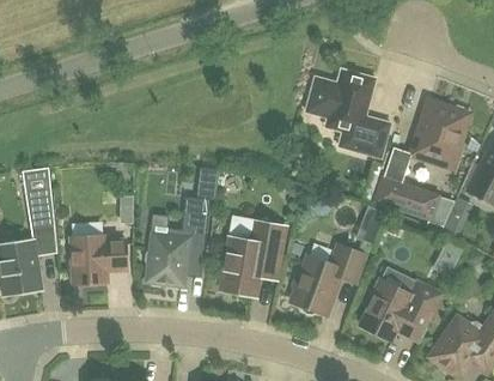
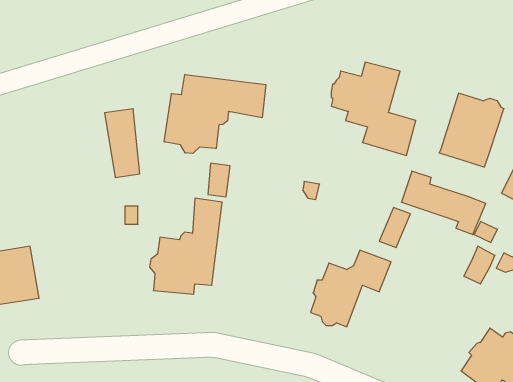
building: none -> [164,74,266,153]
building: [22,168,54,231] -> [105,109,140,178]
building: [220,218,283,296] -> none
building: [69,235,127,285] -> none
building: [359,279,441,341] -> none

